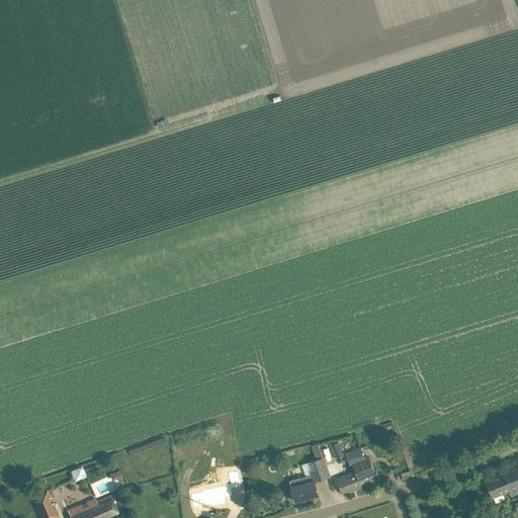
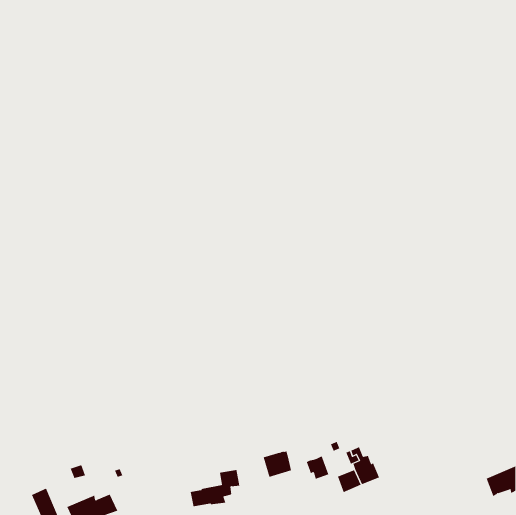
building: [289,474,319,502] -> [263,450,292,477]

